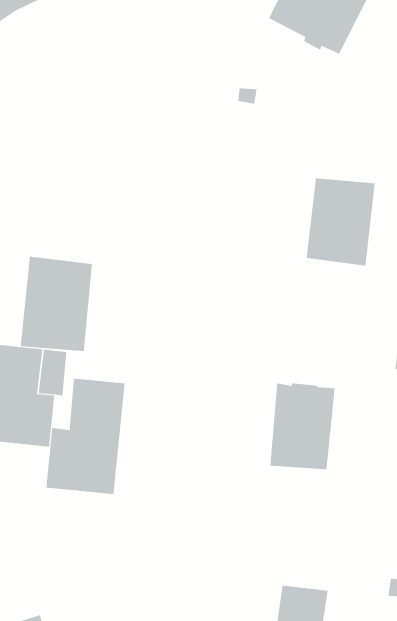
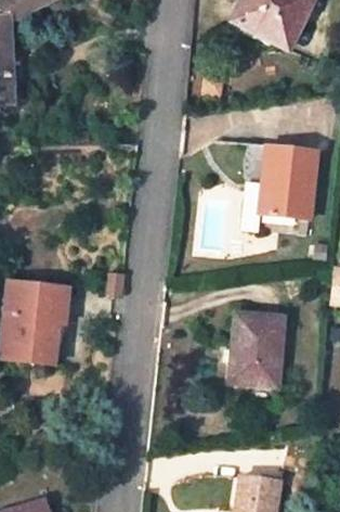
building: [20,256,93,352] -> none
building: [46,378,125,495] -> none

